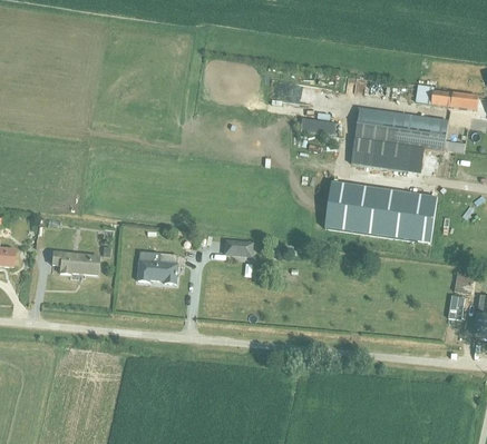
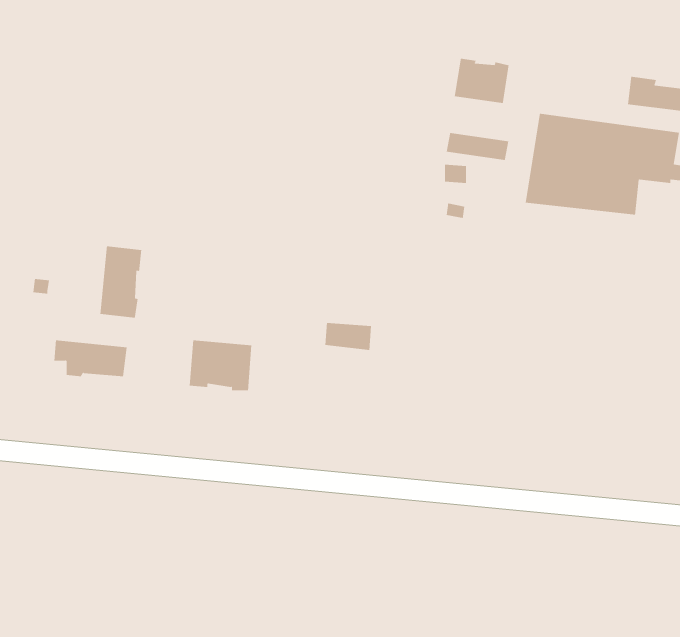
building: none -> [454,58,509,104]
building: [323,181,437,243] -> none
building: none -> [100,245,142,319]

